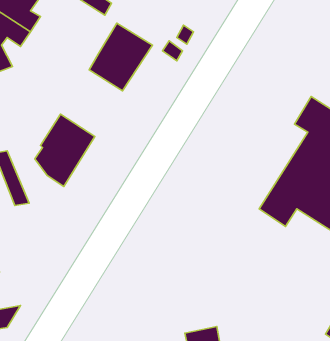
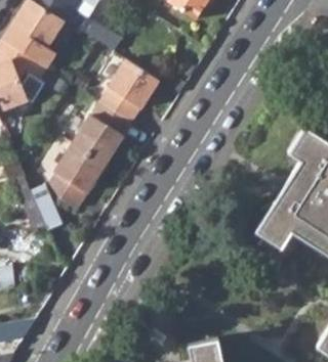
building: none -> [73,101,130,163]

